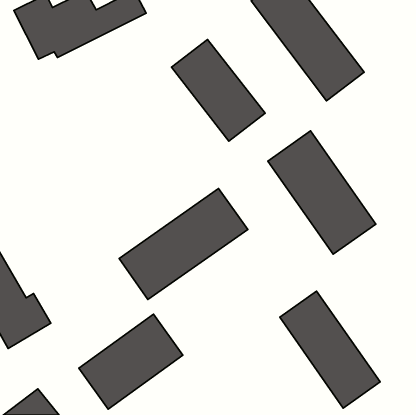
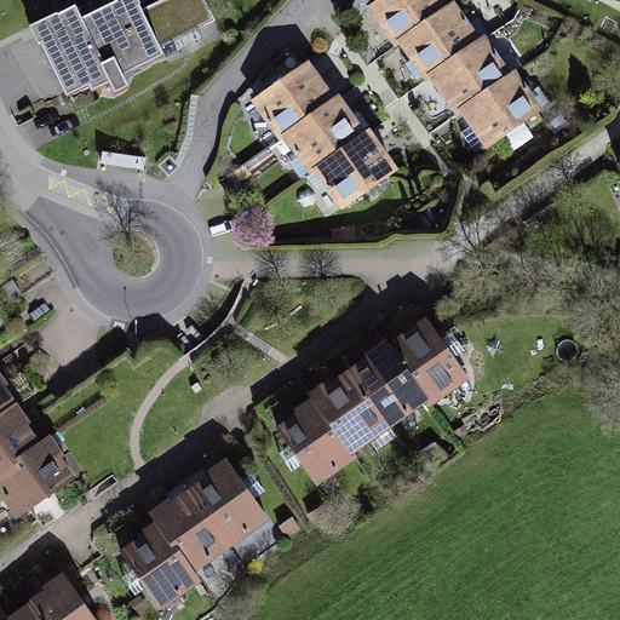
building: [268,131,376,254] -> none
building: [119,189,248,299] -> [276,317,466,481]
building: [280,291,380,408] -> none

